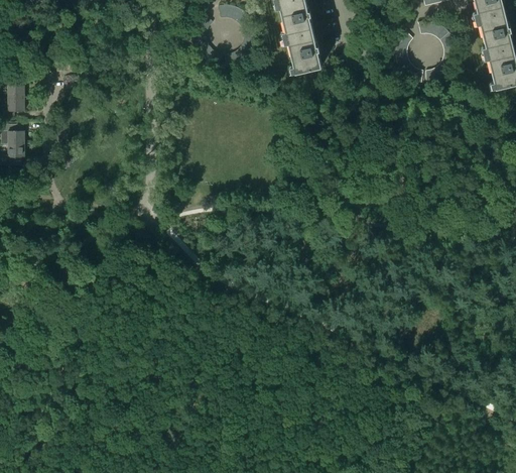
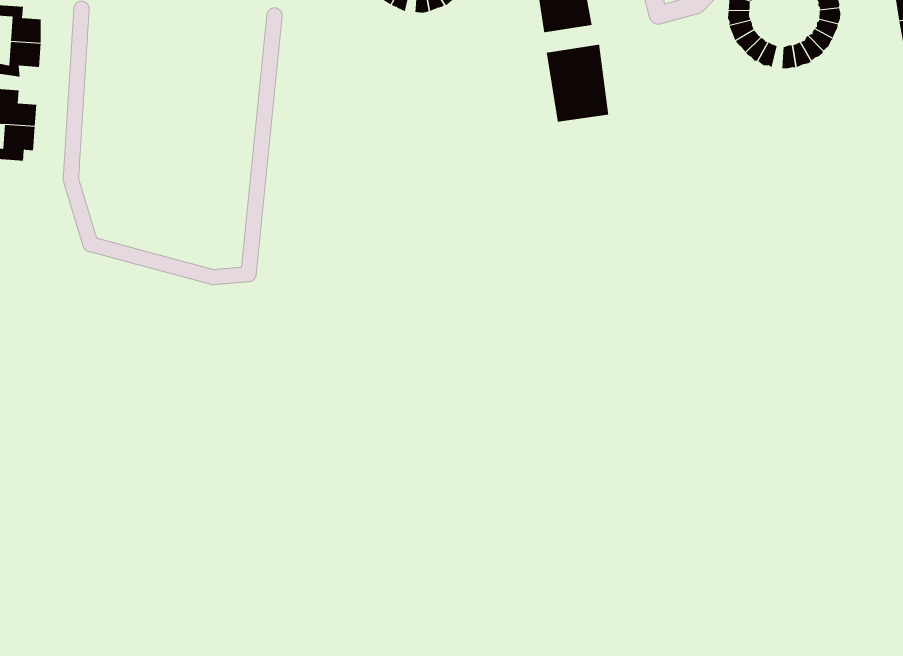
building: none -> [546,44,609,123]

